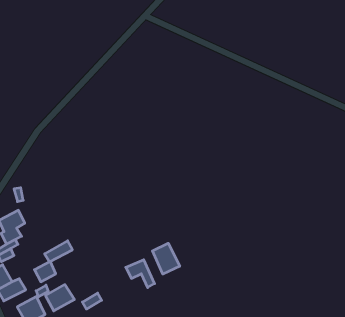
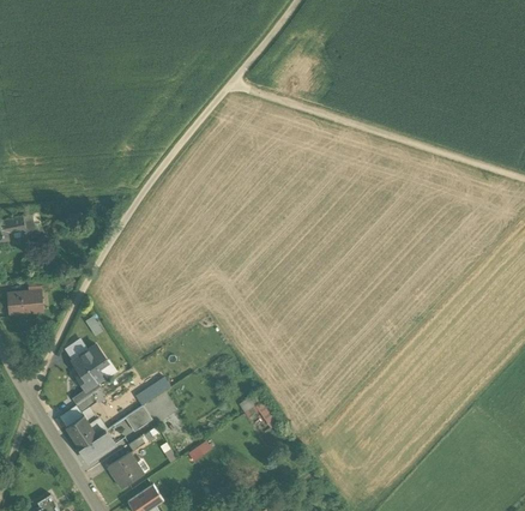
building: [152,243,180,274] -> none
building: [46,285,74,311] -> none

